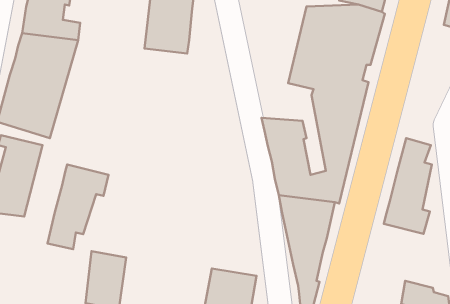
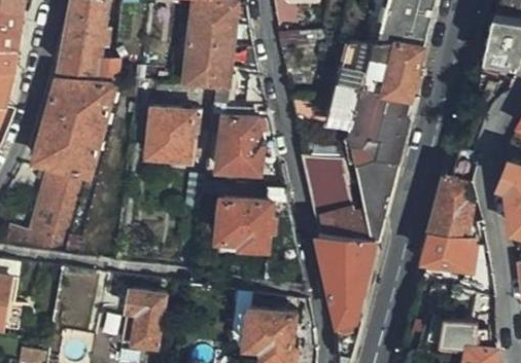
building: none -> [146,108,199,160]
building: none -> [216,115,263,174]
building: none -> [217,196,274,251]
building: [47,164,108,249] -> none

